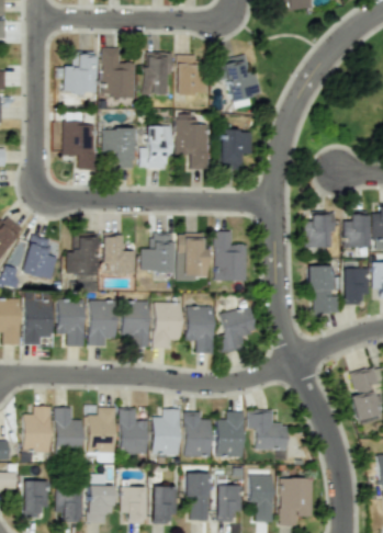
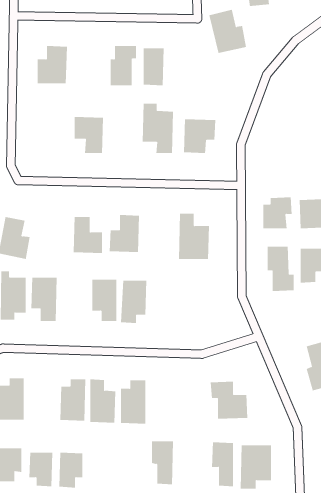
building: [103,48,136,97] -> none
building: [221,55,261,102] -> [209,9,247,53]
building: [63,122,95,170] -> none
building: [139,126,171,169] -> none
building: [66,234,98,275] -> none
building: [177,234,207,276] -> none
building: [89,300,116,347] -> none
building: [185,307,214,354] -> none
building: [218,307,257,353] -> none
building: [55,408,82,451] -> none
building: [216,411,245,458] -> none
building: [183,412,212,457] -> none
building: [216,485,241,522] -> none
building: [120,487,146,524] -> none
building: [151,487,178,524] -> none

